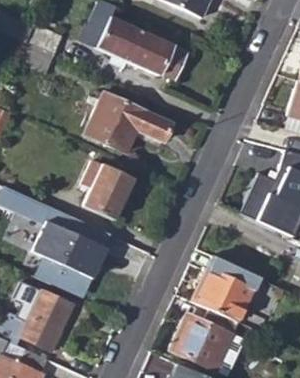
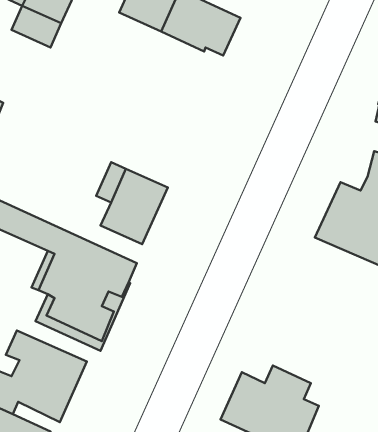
building: [83,90,172,155] -> none
building: [193,255,260,322] -> none

